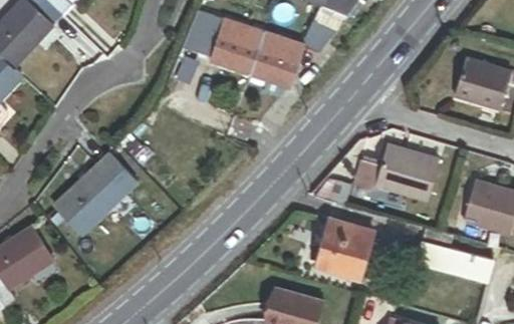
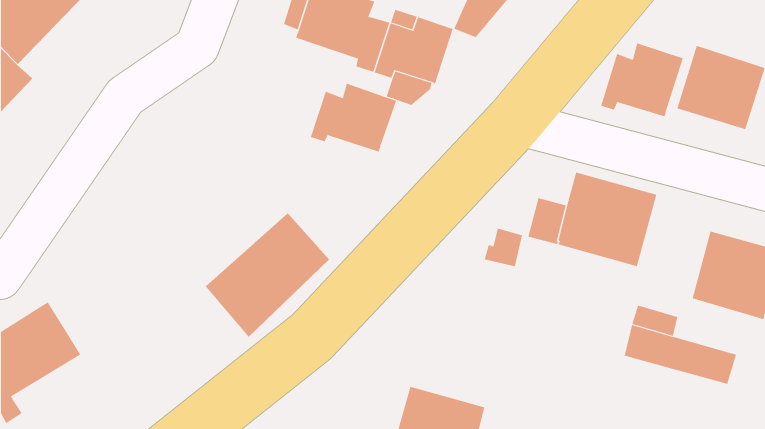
building: none -> [600,42,684,117]
building: none -> [310,83,397,152]
building: [54,156,138,240] -> [205,213,330,338]
building: [316,220,372,279] -> none

